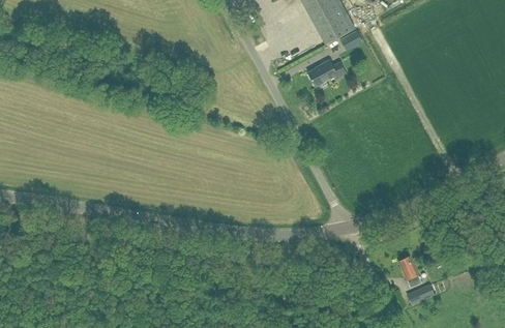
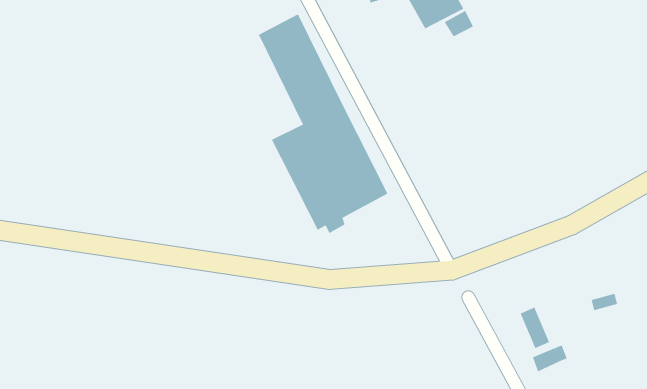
building: none -> [258,13,388,234]
building: [308,59,347,86] -> none

